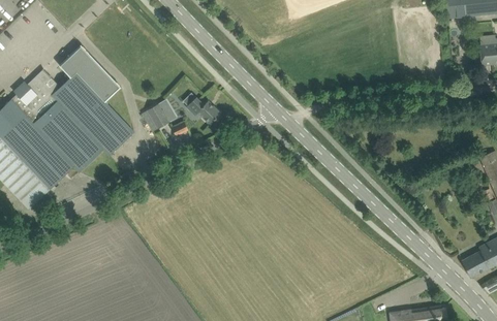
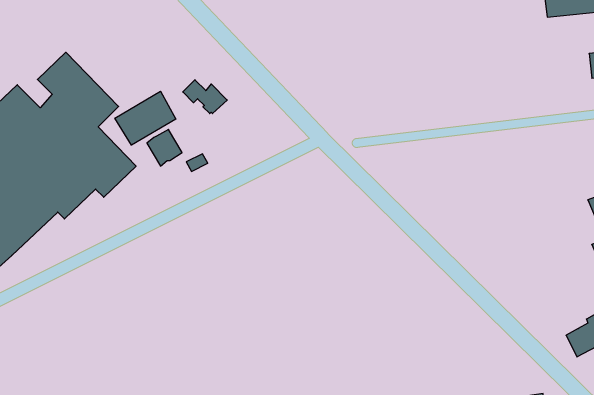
building: none -> [115,91,176,145]
building: [187,98,221,124] -> [183,80,227,114]

